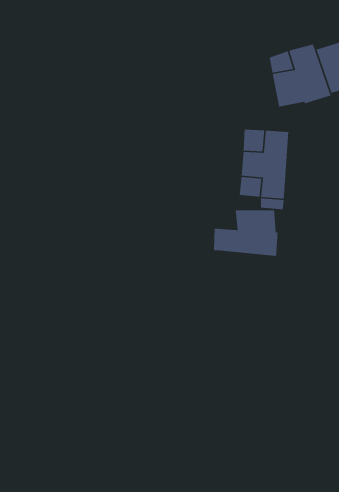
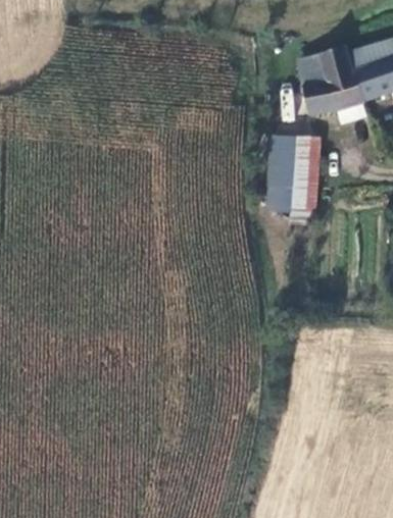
building: [213,209,279,257] -> none

